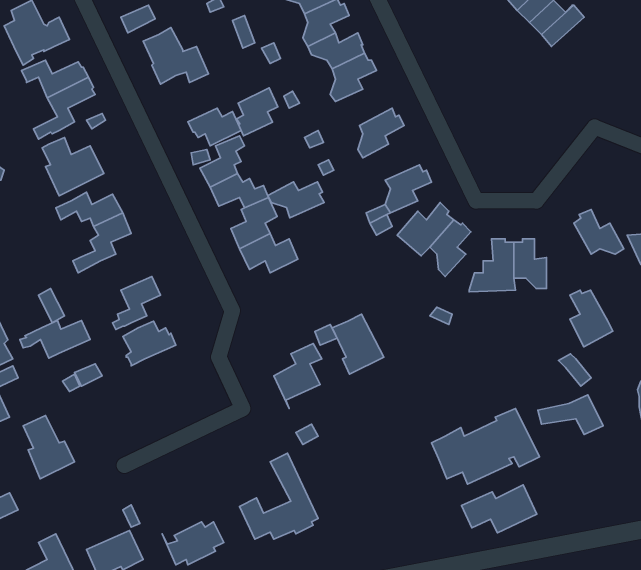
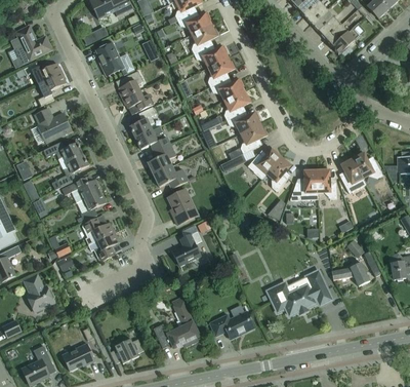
building: none -> [210,78,244,101]
building: [237,88,278,136] -> [118,70,142,99]
building: [268,182,324,218] -> [227,112,260,133]
building: [570,290,613,347] -> [340,159,366,193]
building: [332,314,384,374] -> [167,189,198,225]
building: [20,320,90,358] -> [58,180,100,202]
building: none -> [88,232,118,260]
building: [461,485,537,533] -> [209,310,254,339]

